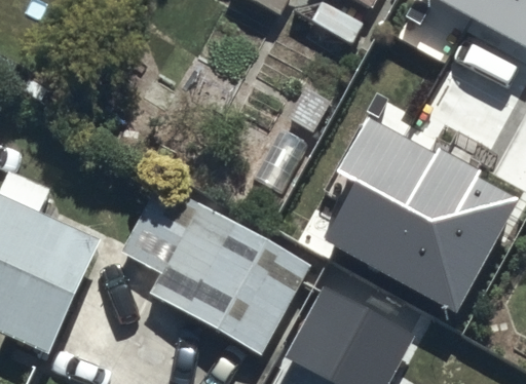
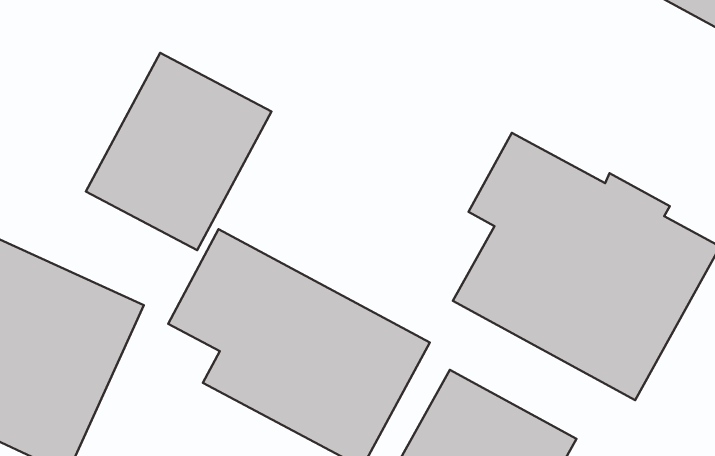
building: none -> [86,53,272,250]

